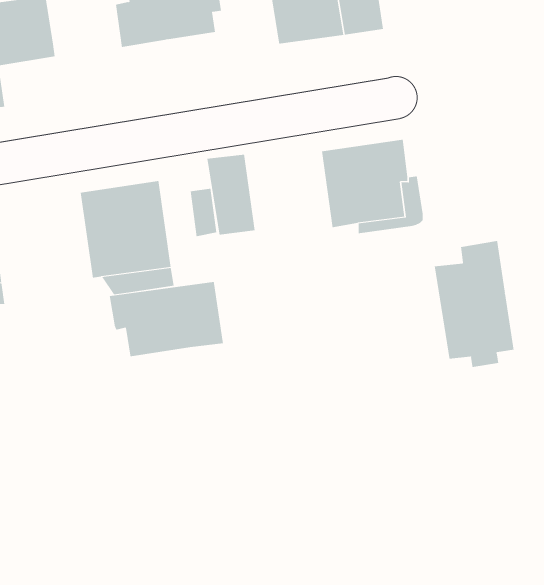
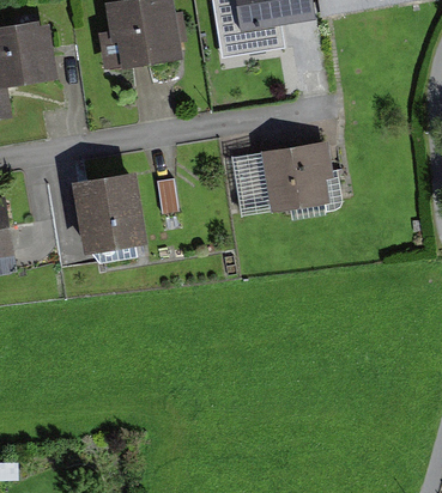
building: [207,154,255,235] -> [230,150,268,213]
building: [434,240,514,368] -> none
building: [109,281,224,357] -> none

